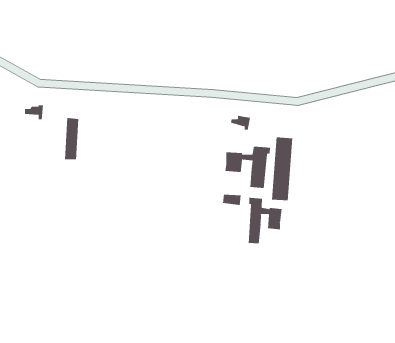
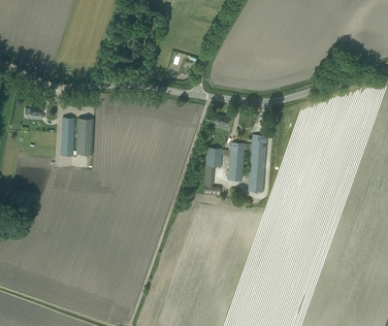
building: none -> [77,118,94,155]
building: [248,197,282,244] -> none

